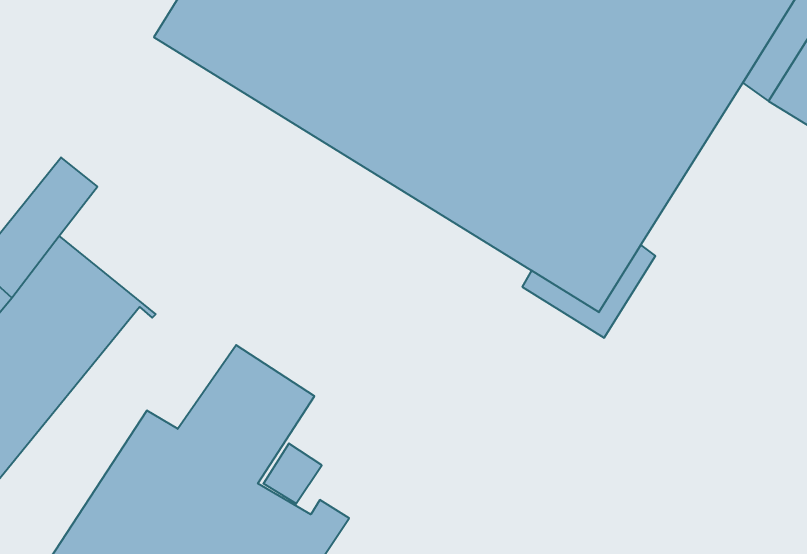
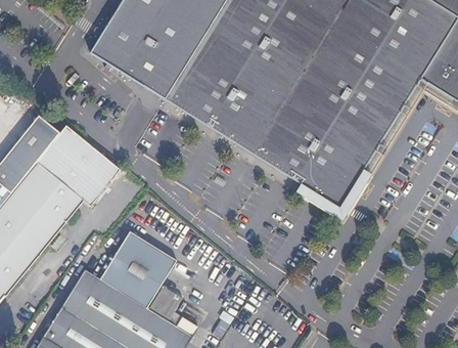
building: none -> [37,128,119,207]

